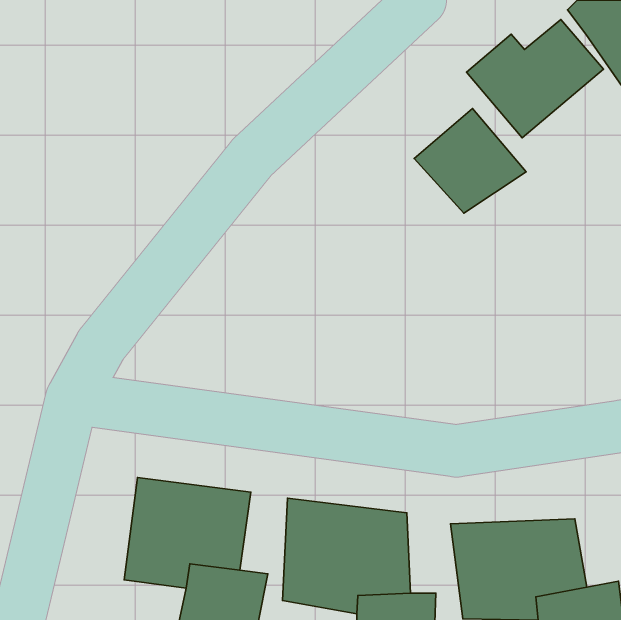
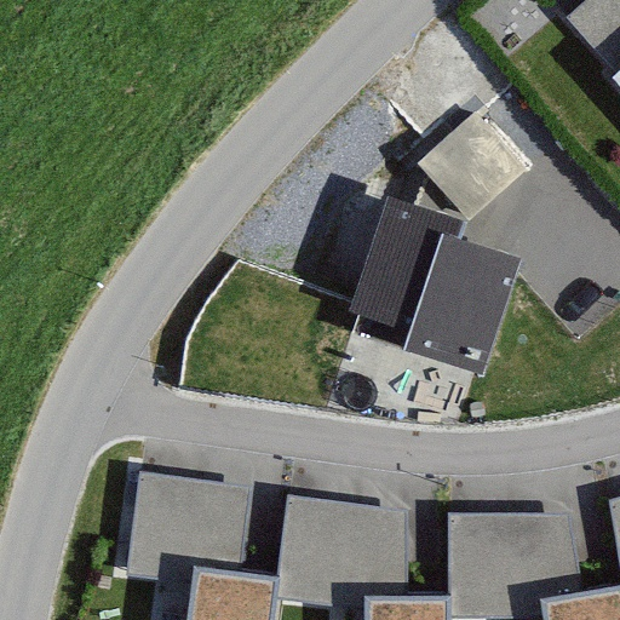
building: [467,19,604,138] -> none
building: none -> [327,188,521,372]

